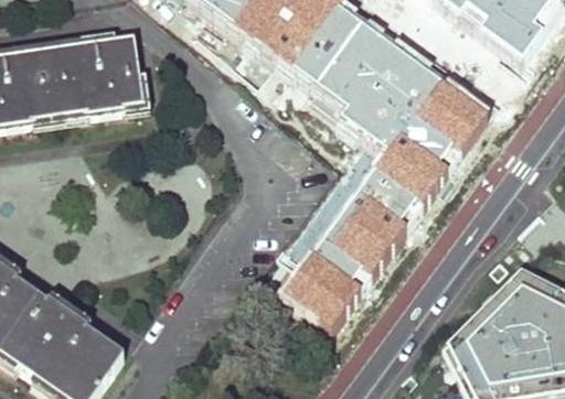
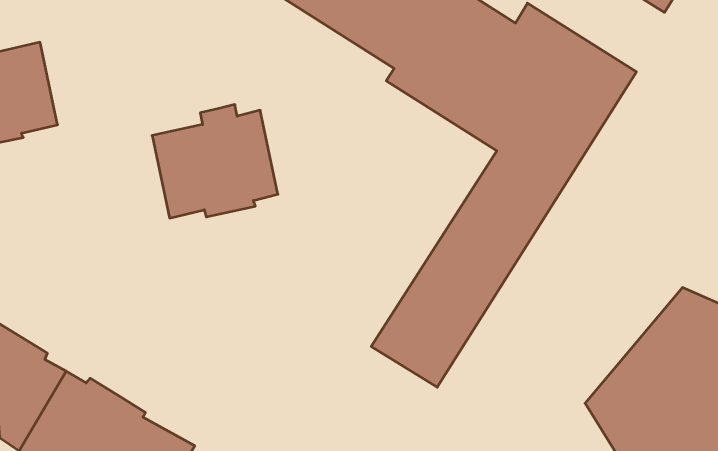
building: [52,30,143,112] -> [152,105,278,218]

